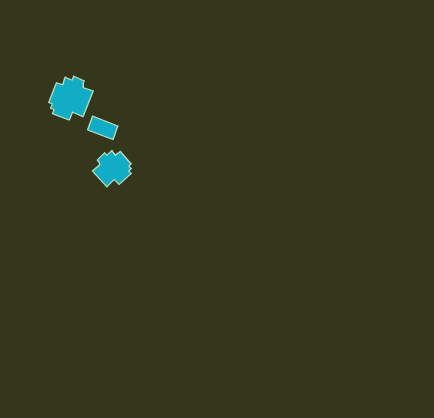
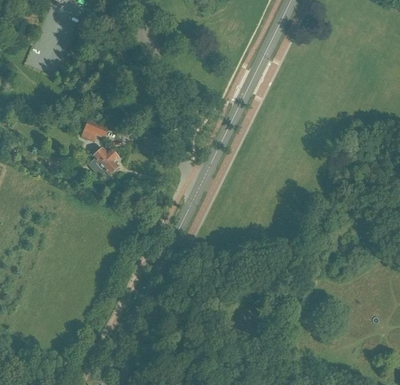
building: [49,76,93,120] -> none

